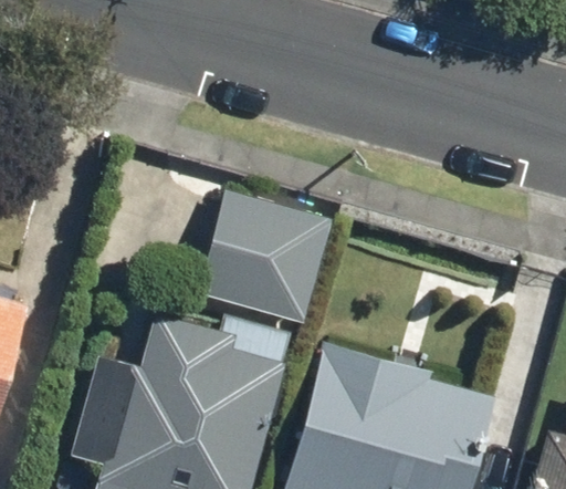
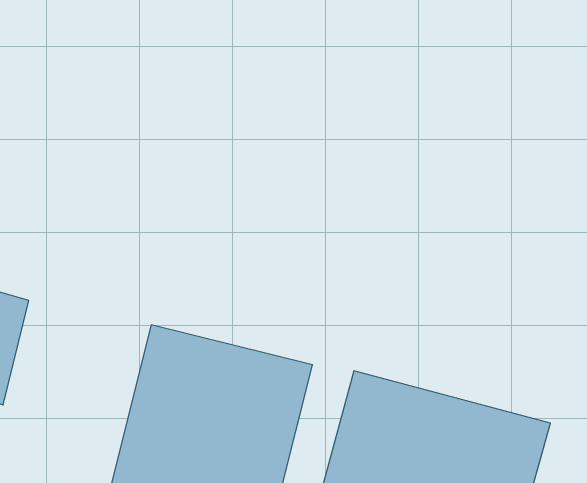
building: [216,190,328,313] -> none

